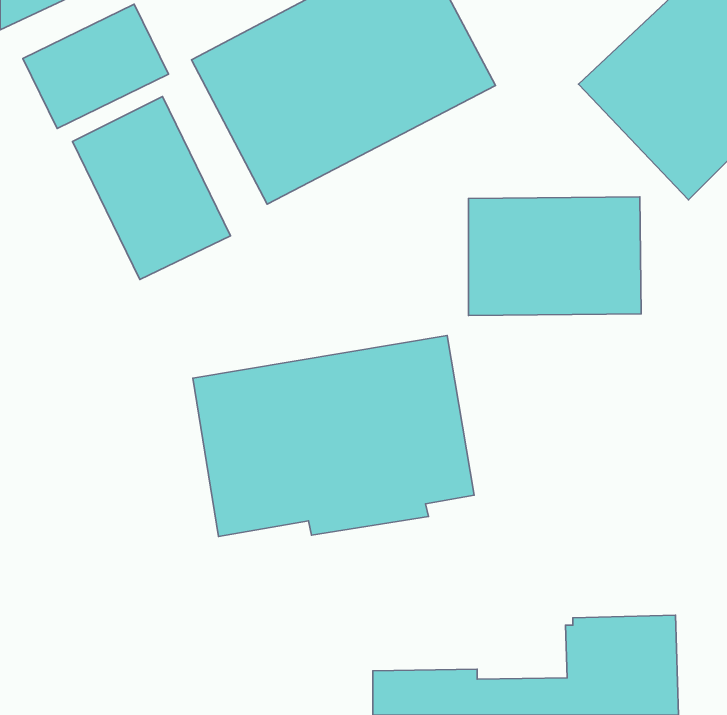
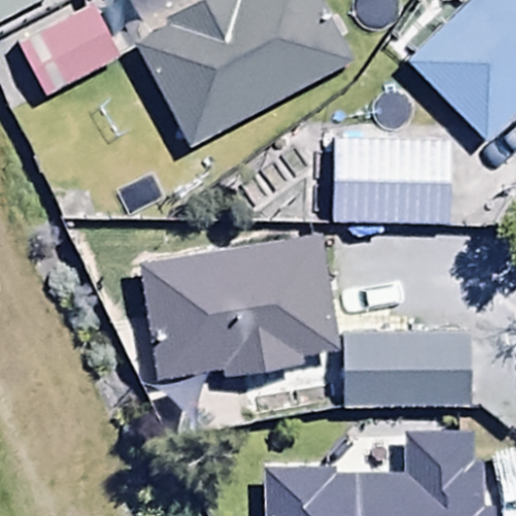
building: [72,97,230,279] -> none
building: none -> [345,333,473,406]

